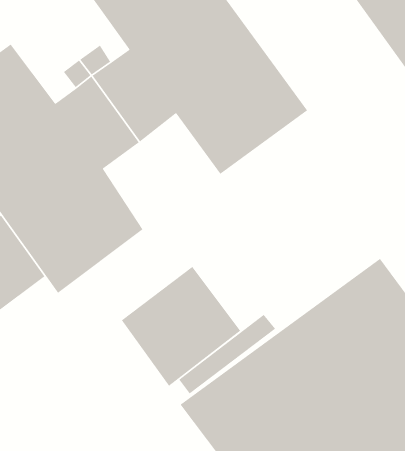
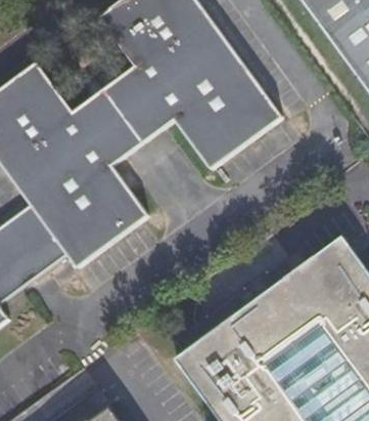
building: [121,266,241,387] -> none

